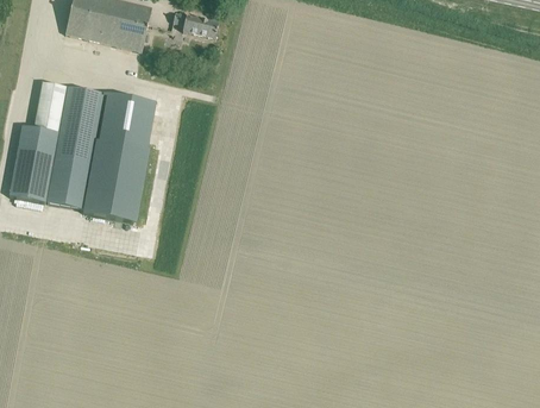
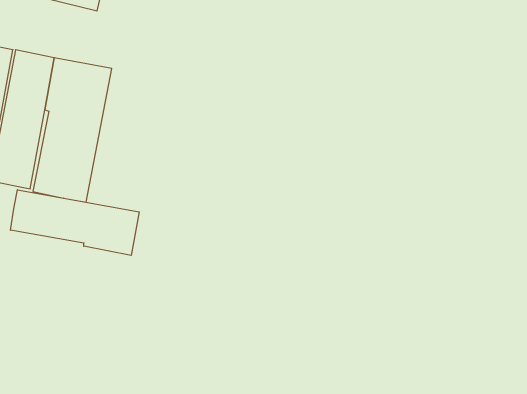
building: none -> [11,190,139,255]

